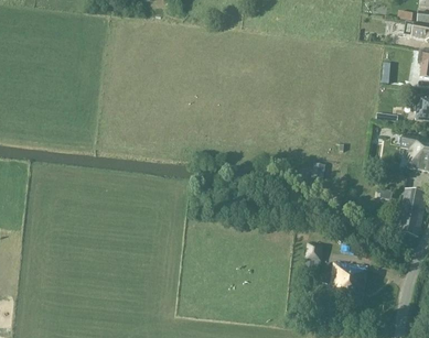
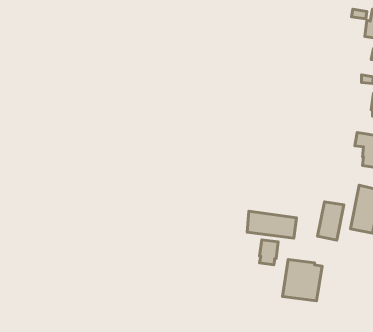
building: none -> [318,202,344,240]
building: none -> [247,211,297,238]

